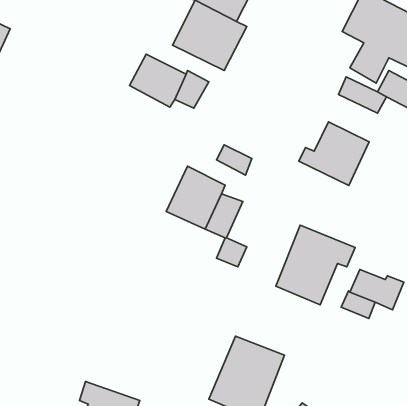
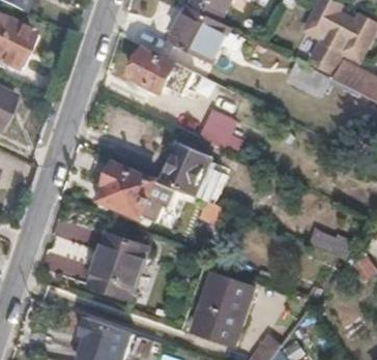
building: [299,122,369,185] -> none
building: none -> [99,163,175,221]
building: [276,225,355,305] -> none
building: none -> [91,233,149,299]

